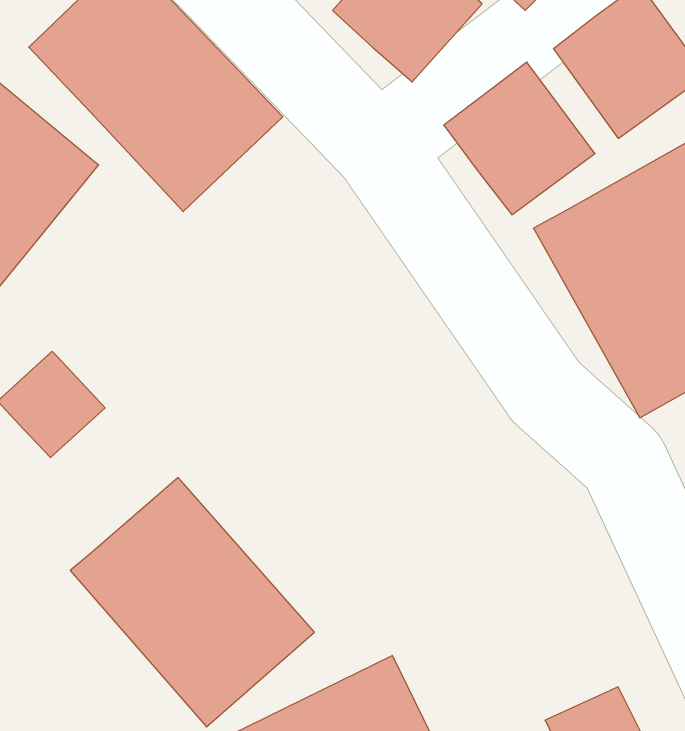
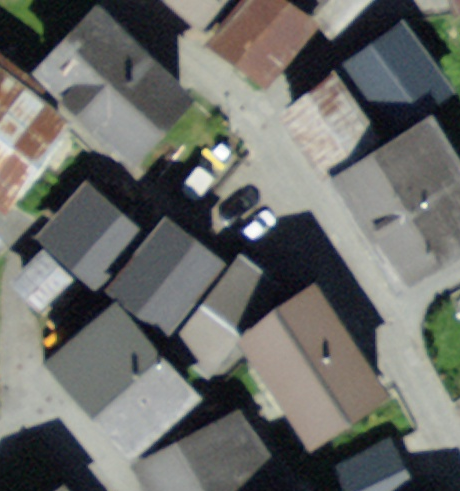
building: none -> [36,170,136,270]
building: none -> [97,212,212,329]
building: none -> [162,244,278,363]
building: none -> [235,284,389,448]

